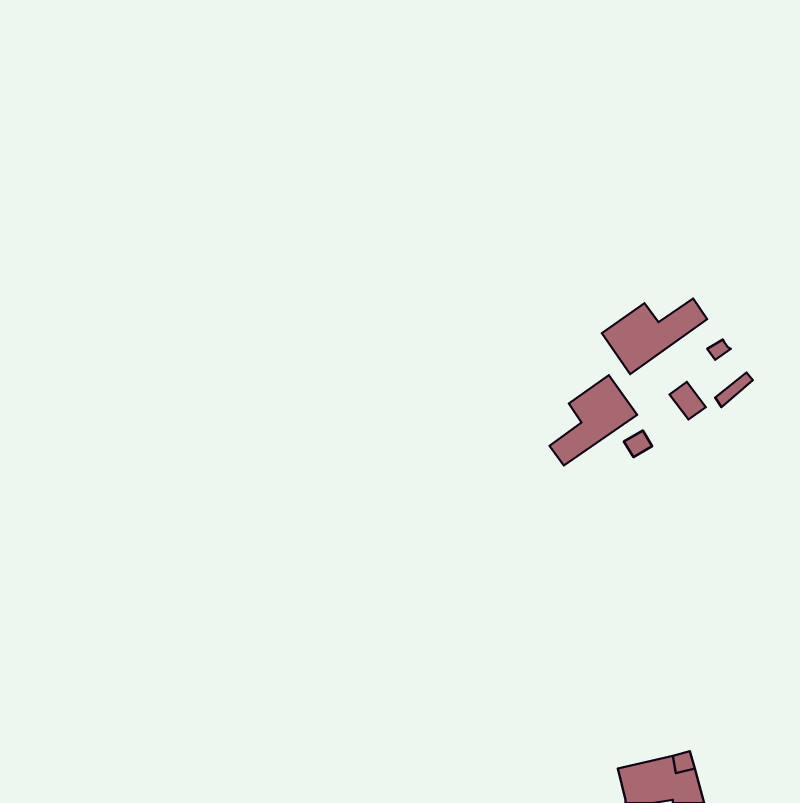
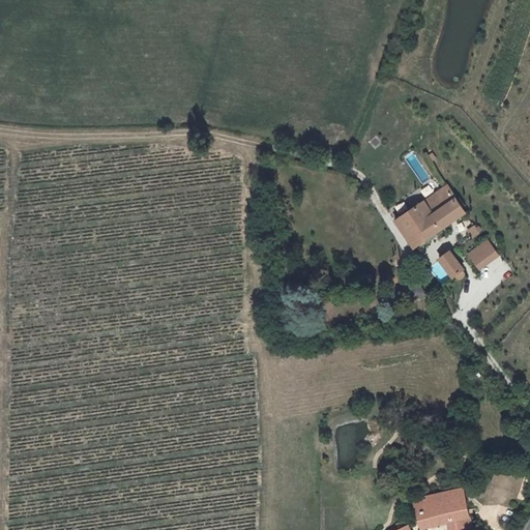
building: none -> [424,184,457,212]
building: [550,375,637,466] -> none

